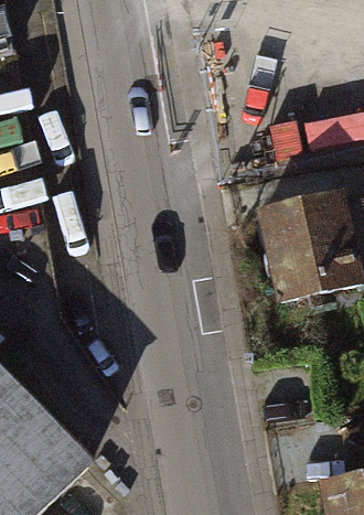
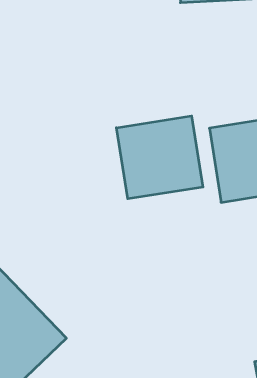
building: none -> [116,116,203,199]

